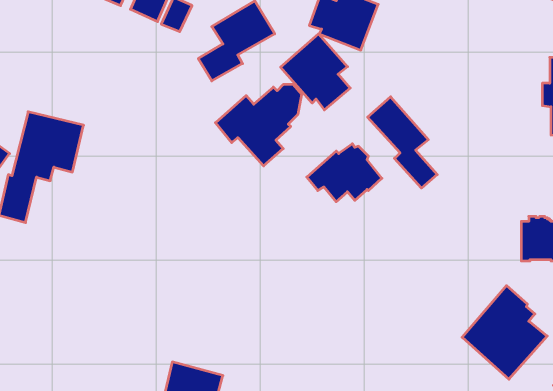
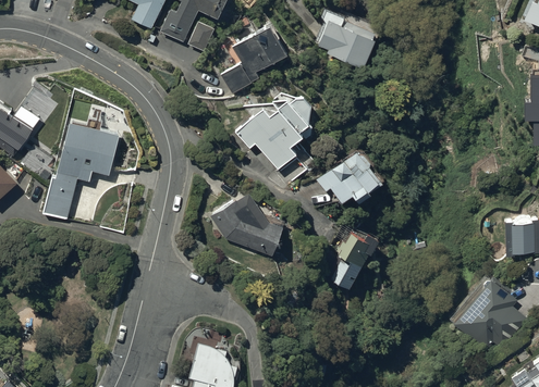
building: [281,34,350,110] -> none
building: [368,97,437,188] -> none
building: none -> [210,192,285,257]
building: none -> [326,230,378,290]

